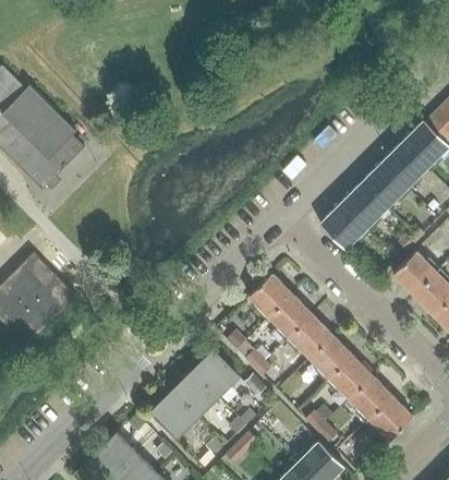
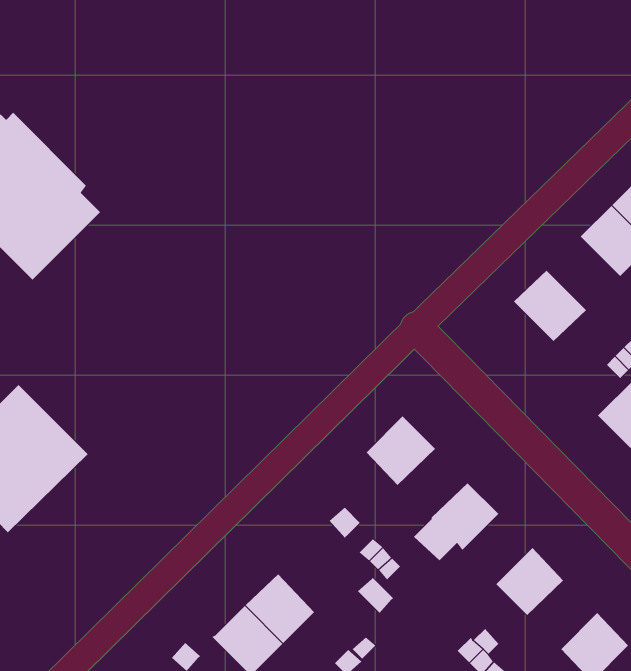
building: [361,161,406,207] -> none
building: [319,202,365,249] -> none
building: [268,293,312,336] -> none
building: [308,334,352,377] -> none
building: [194,350,238,395] -> none
building: [349,375,392,418] -> none

